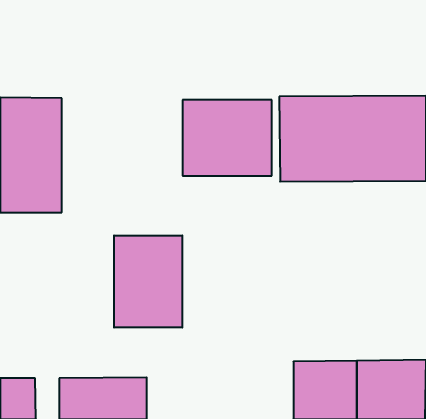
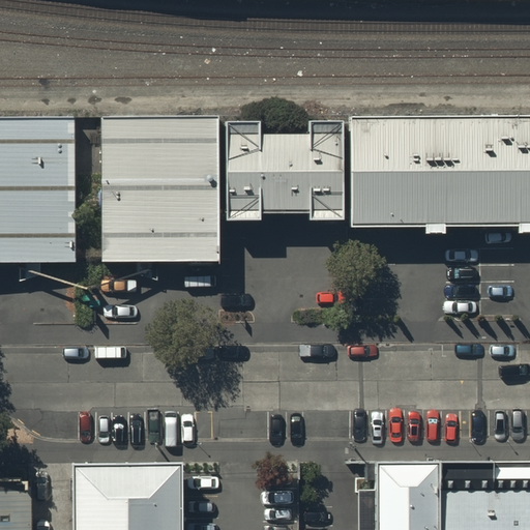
building: none -> [101,118,215,265]
building: [114,235,182,328] -> none

